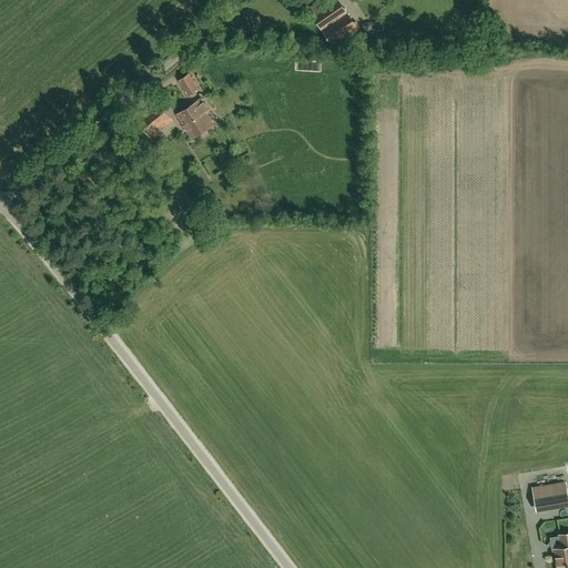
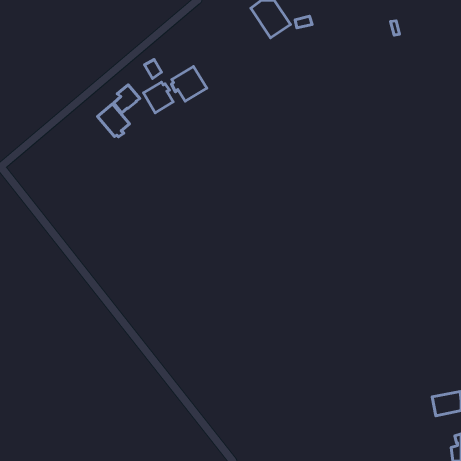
building: none -> [172,66,207,101]
building: none -> [98,104,129,137]

